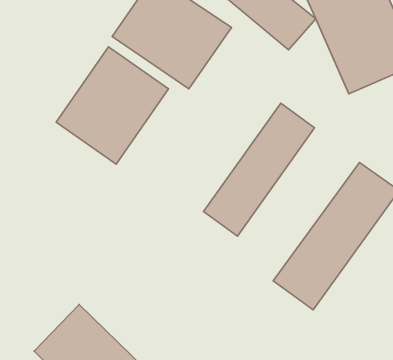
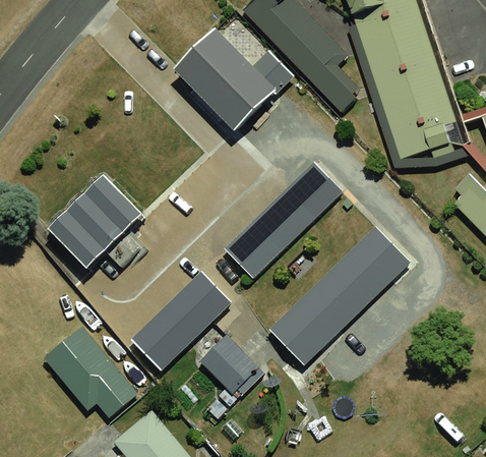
building: [56,47,169,164] -> [43,162,155,275]
building: none -> [125,274,209,358]
building: none -> [198,328,259,387]

